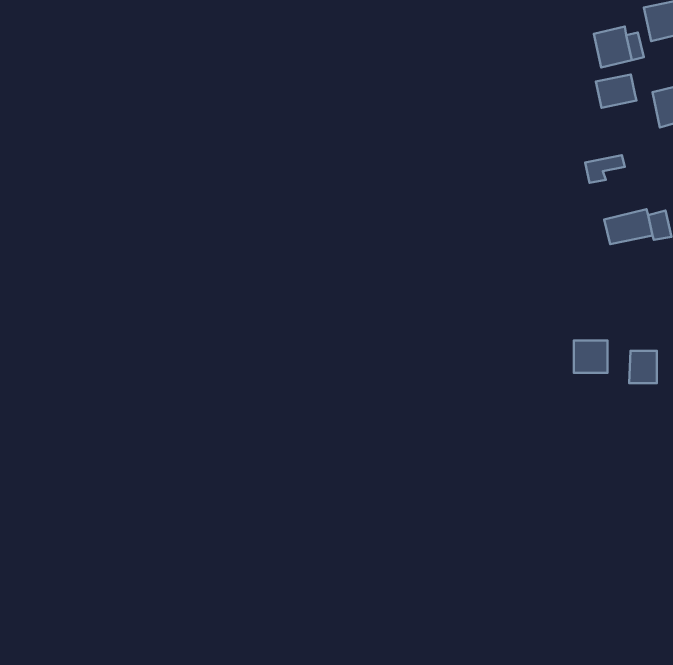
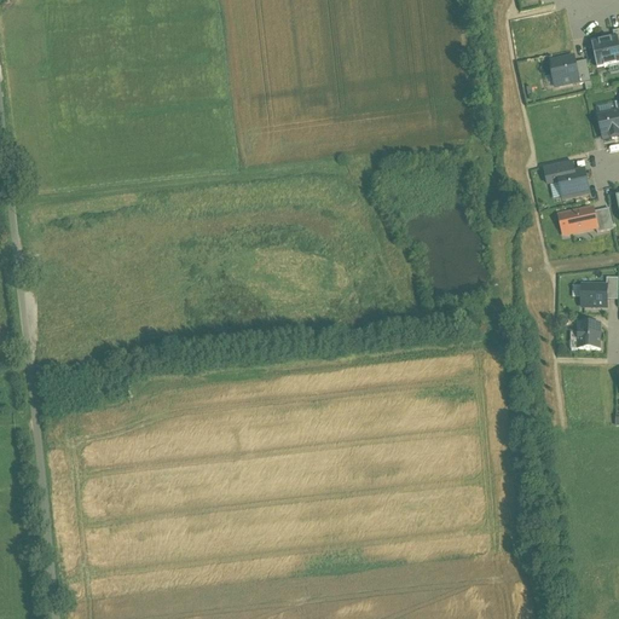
building: [596,74,637,108] -> none
building: none -> [555,168,586,196]
building: [574,341,607,373] -> [579,279,607,306]

